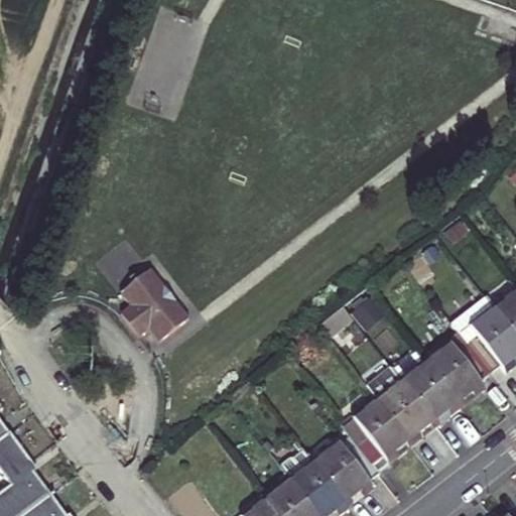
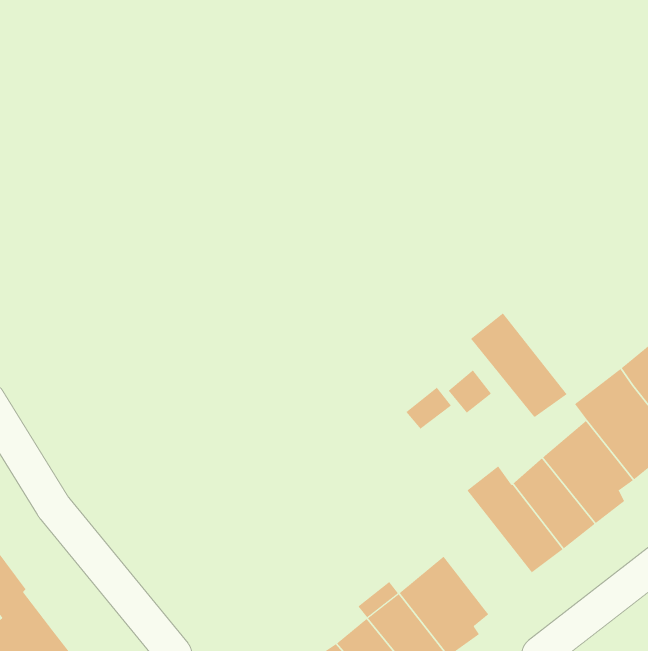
building: none -> [470,312,567,419]
building: [119,271,188,342] -> none
building: [342,399,414,475] -> none

